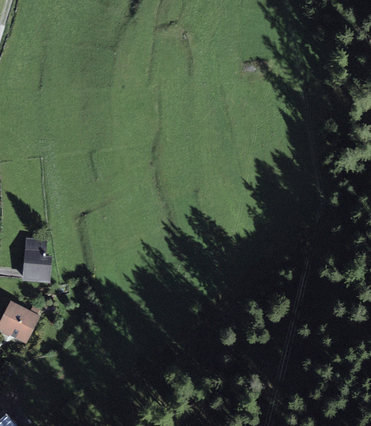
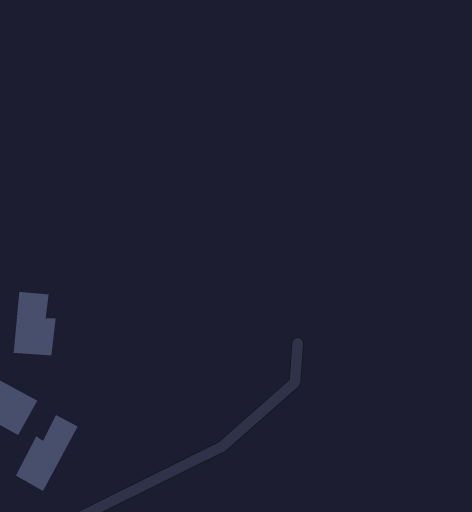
building: none -> [15,414,79,492]

